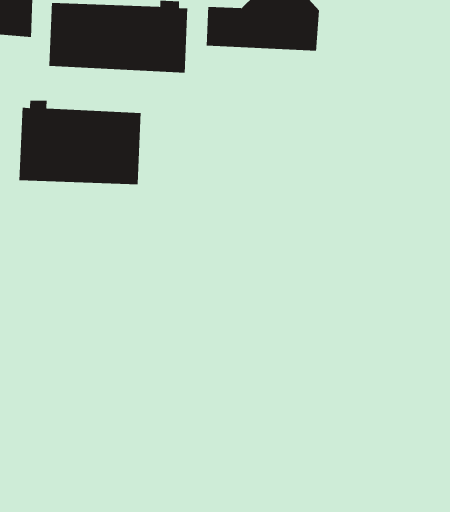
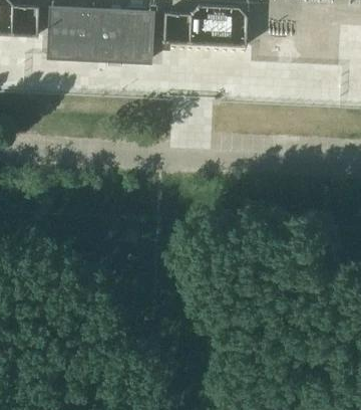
building: [19,100,142,185] -> none

